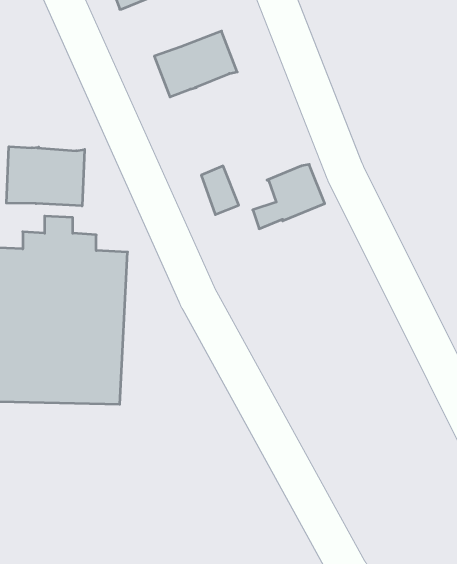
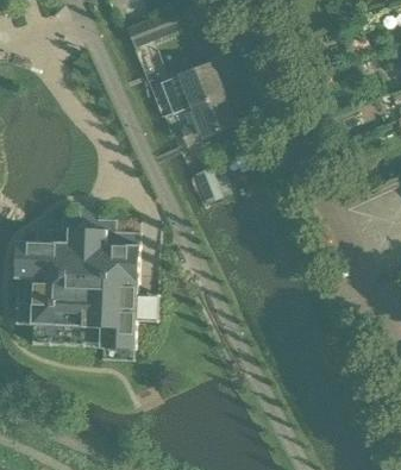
building: [6,147,85,206] -> none
building: [253,164,325,229] -> [178,93,233,142]

